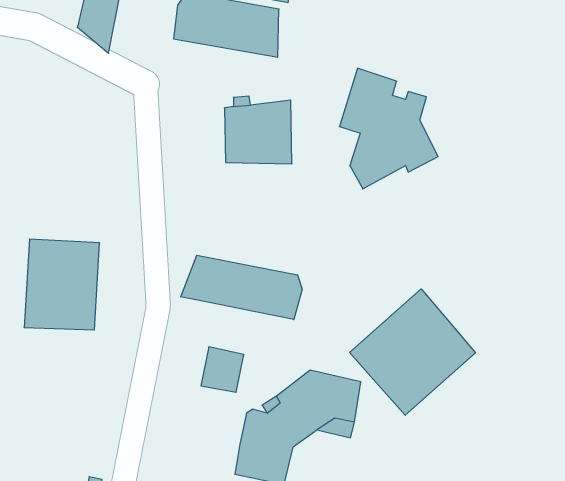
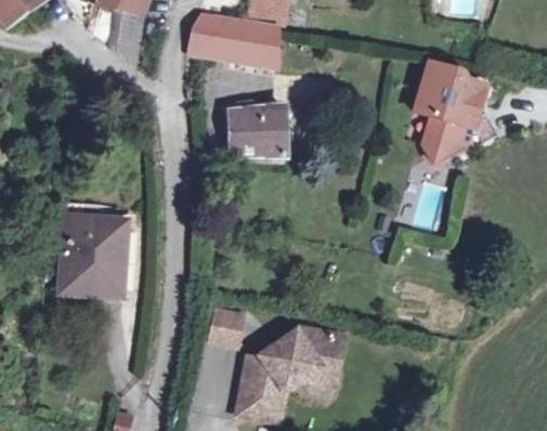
building: [339,68,438,189] -> [415,61,497,161]
building: [181,255,302,320] -> none
building: [350,289,476,415] -> none

